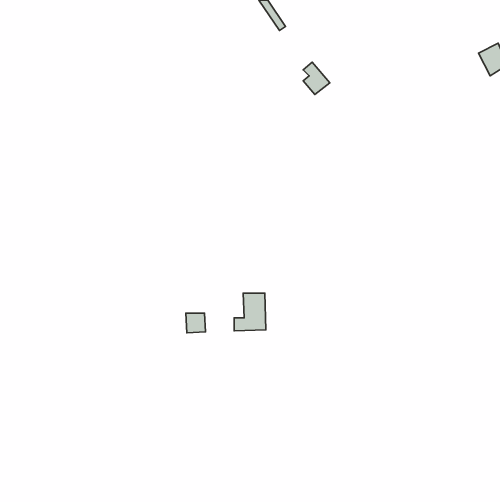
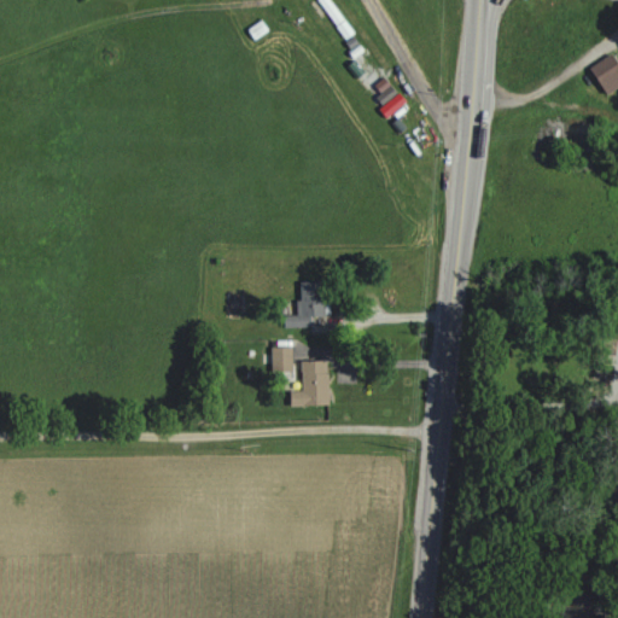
building: none -> [285,282,330,328]
building: [186,313,205,333] -> [270,348,295,372]

